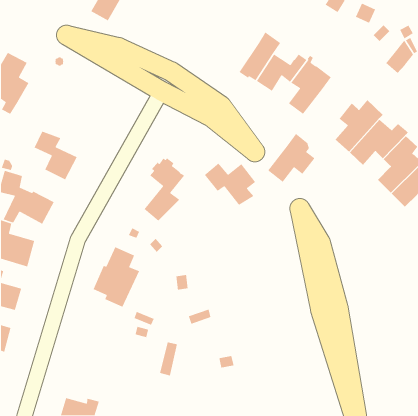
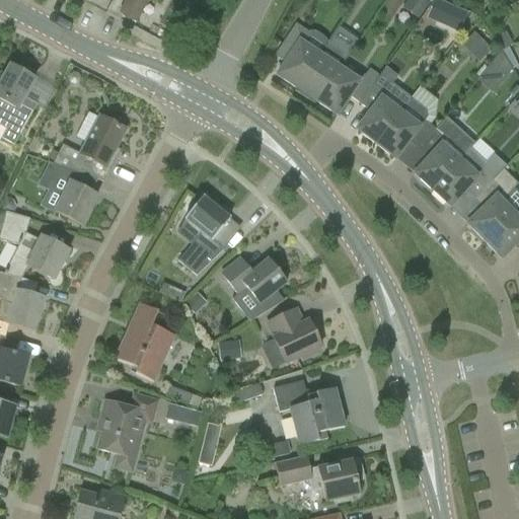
building: none -> [277,24,327,89]
building: none -> [53,109,126,179]
building: [267,133,316,183] -> [376,95,436,157]
building: [204,162,256,206] -> [222,256,287,310]
building: none -> [268,307,321,362]
building: none -> [274,379,345,445]
building: none -> [98,392,158,471]
building: none -> [275,454,364,502]

